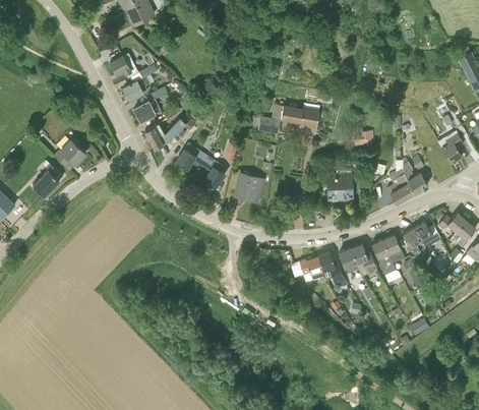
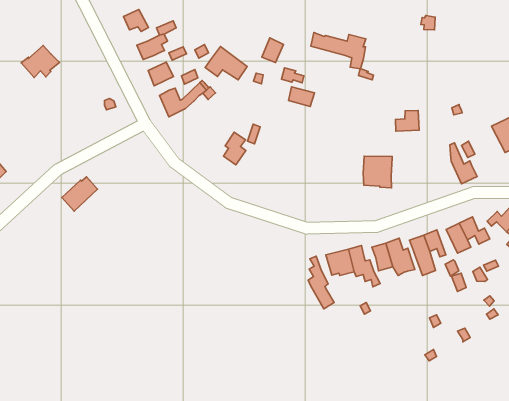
building: [272,104,319,133] -> [311,32,366,69]
building: [53,139,86,168] -> [21,45,60,77]
building: [176,143,213,172] -> [205,46,247,80]
building: [33,167,63,197] -> [62,177,97,211]
building: [387,168,414,203] -> none
building: [234,173,263,201] -> none
building: none -> [308,256,334,309]

